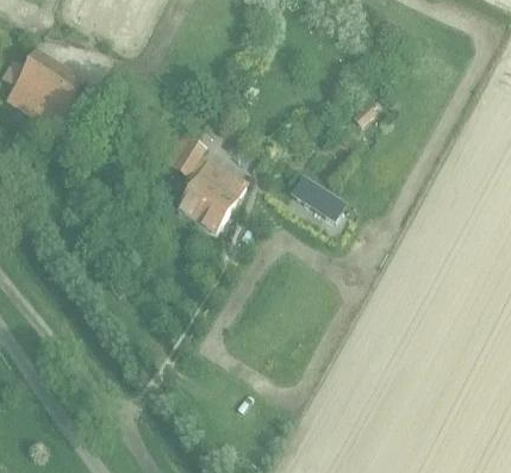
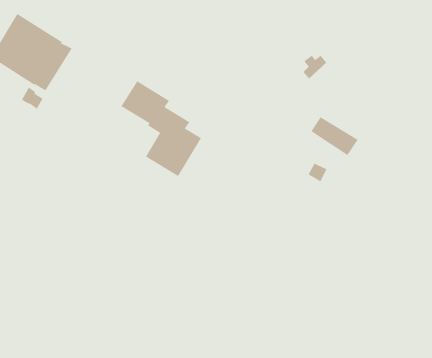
building: [291,176,344,220] -> [311,116,359,156]

